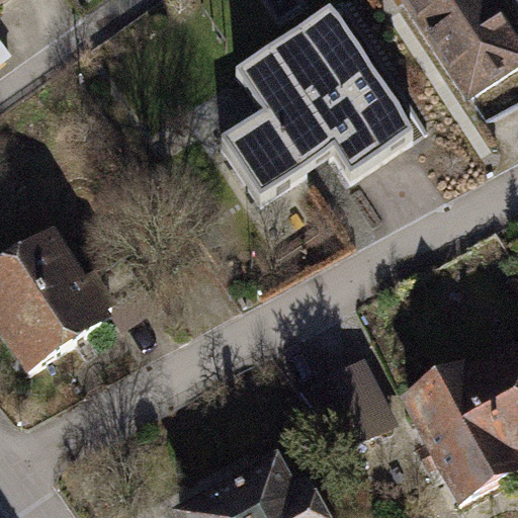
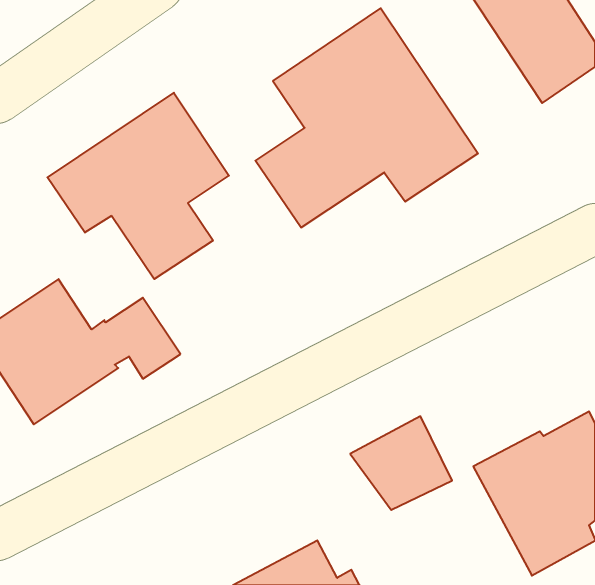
building: none -> [47,93,229,279]

